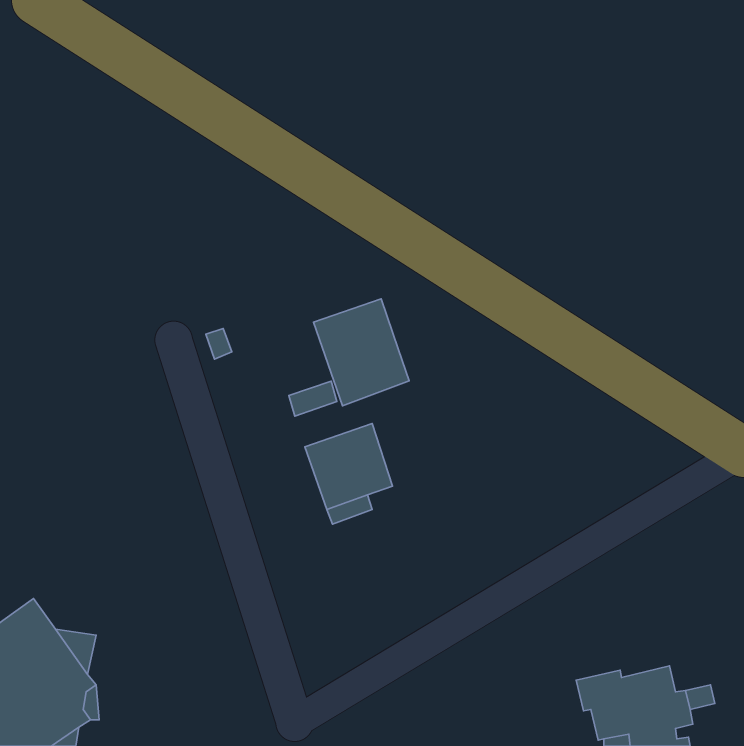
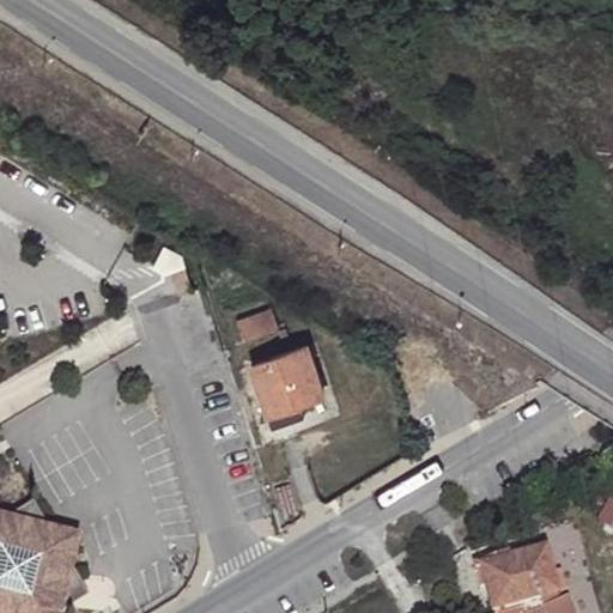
building: [313,299,409,406] -> none

